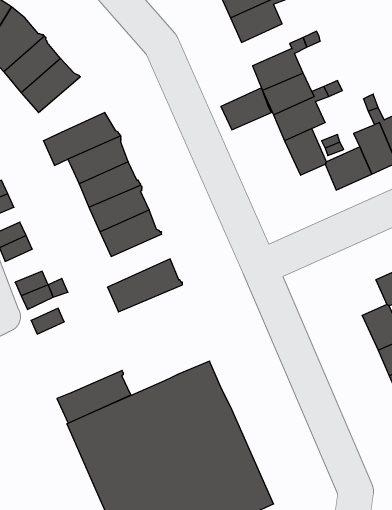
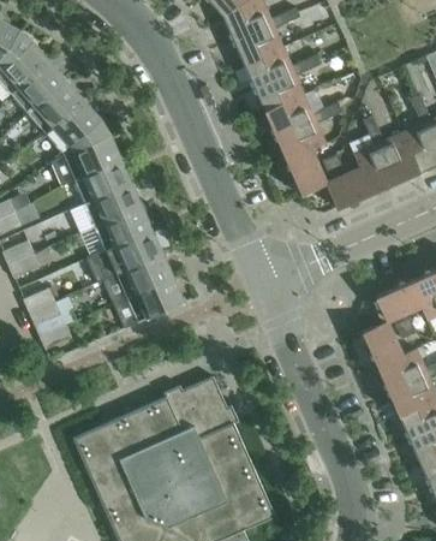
building: none -> [46,99,111,155]
building: [221,88,271,130] -> [244,47,293,88]
building: [57,370,131,423] -> [102,252,174,304]

